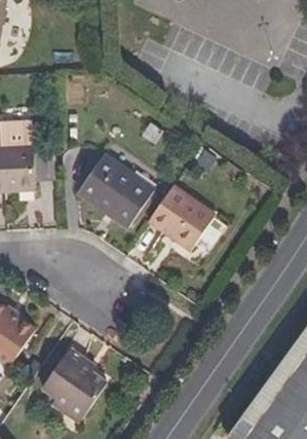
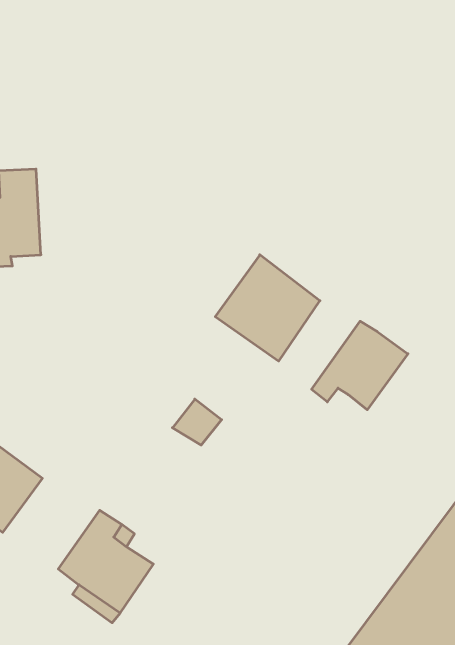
building: [70,150,148,224] -> none
building: none -> [312,321,408,410]

